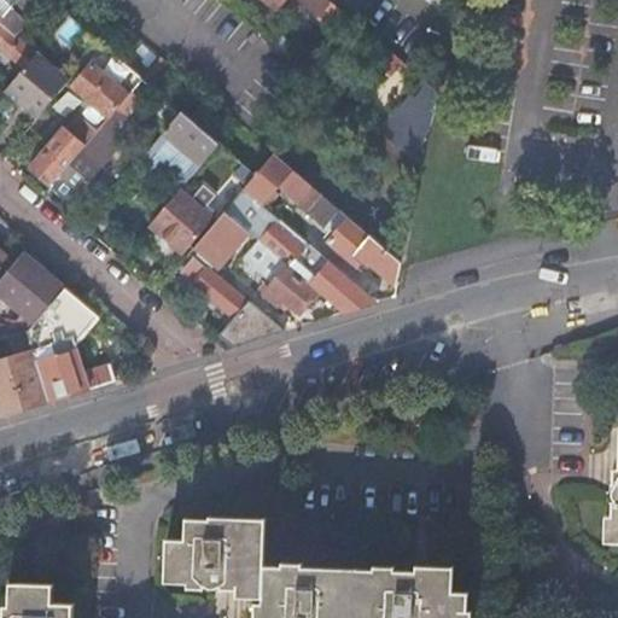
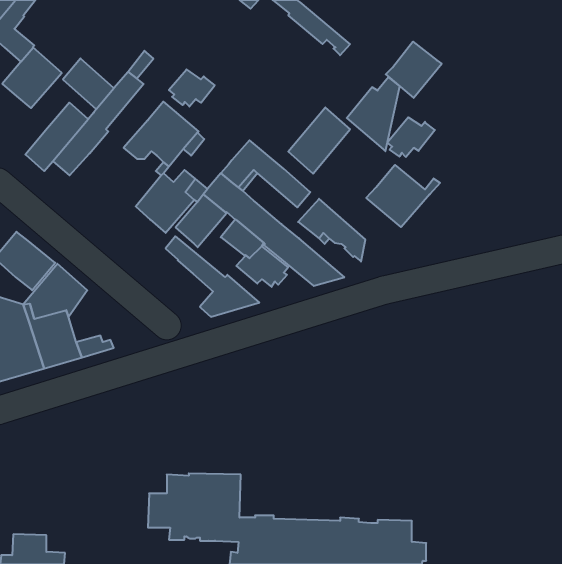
building: none -> [386,42,442,98]
building: none -> [169,69,215,107]
building: none -> [288,107,350,174]
building: none -> [387,117,435,157]
building: none -> [366,165,440,227]

